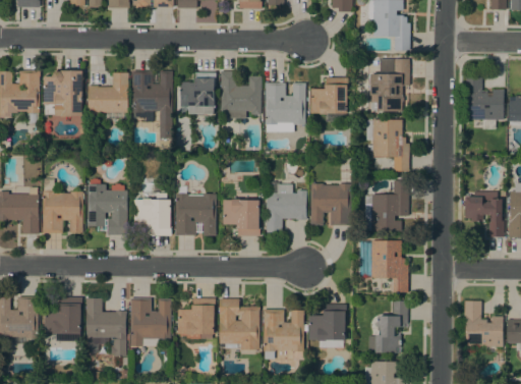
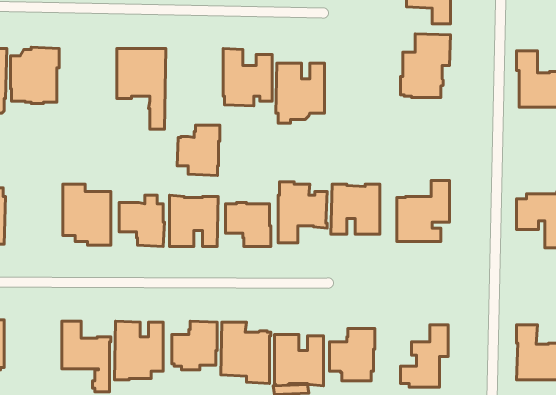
building: [86,72,128,115] -> none
building: [179,72,215,114] -> [177,125,220,175]
building: [309,77,347,121] -> none
building: [365,119,408,171] -> none
building: [42,178,82,232] -> none
building: [358,239,408,291] -> none
building: [44,296,81,341] -> none

